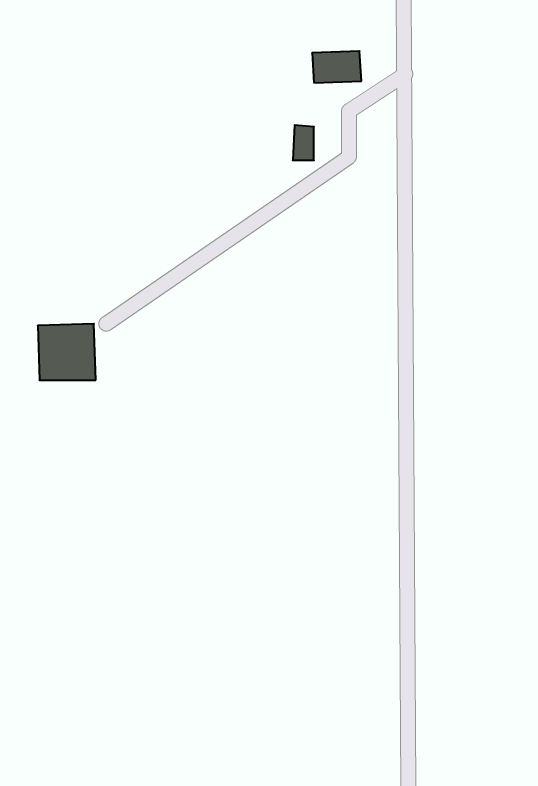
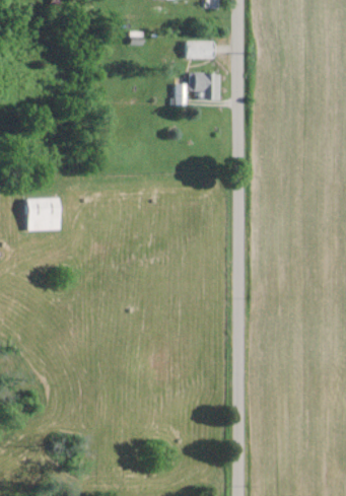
building: none -> [188,73,210,91]

